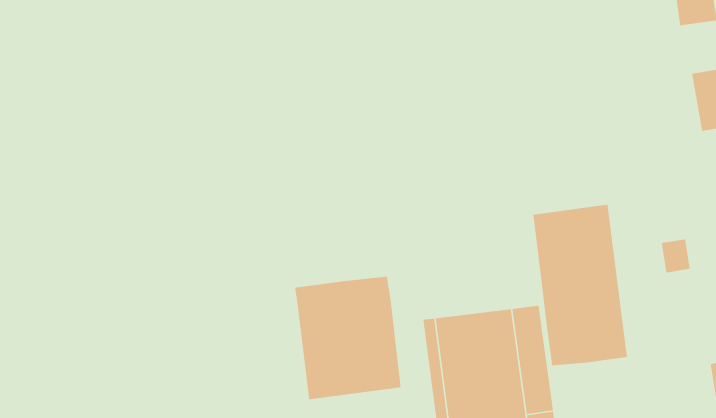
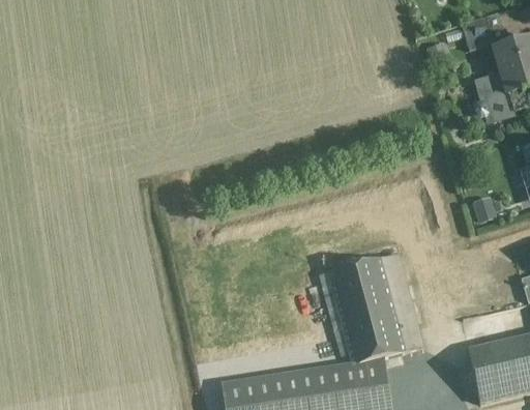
building: [533,204,628,366] -> none
building: [294,276,401,400] -> none

